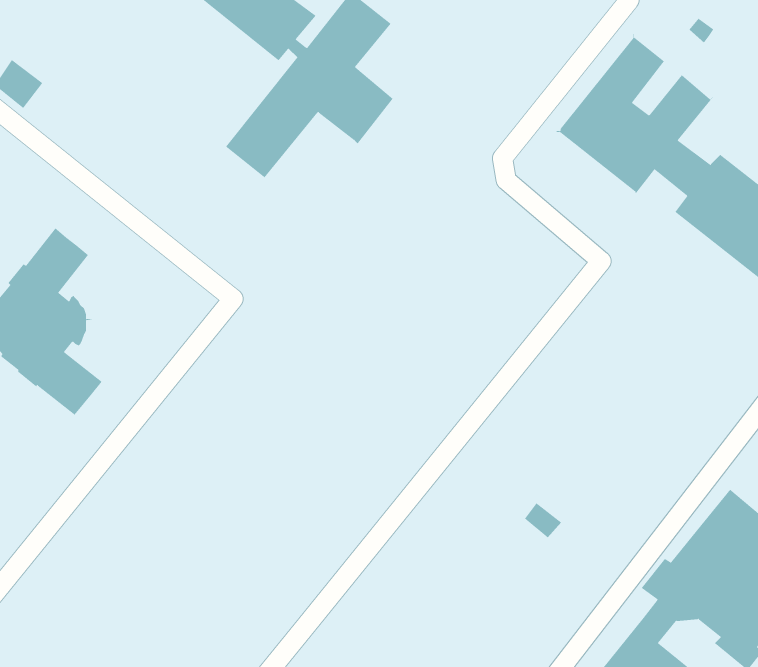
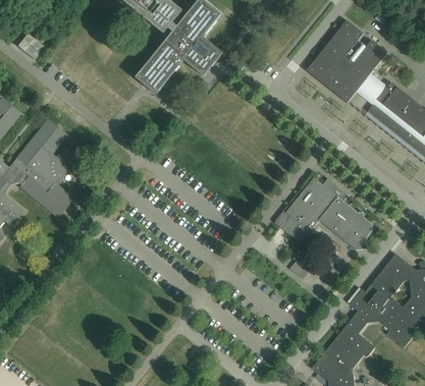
building: none -> [275,177,372,250]

